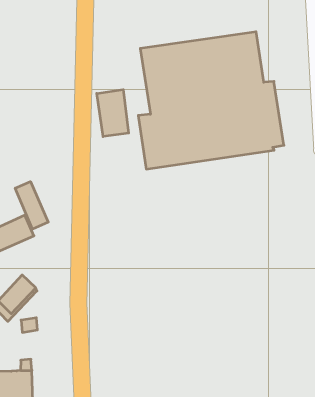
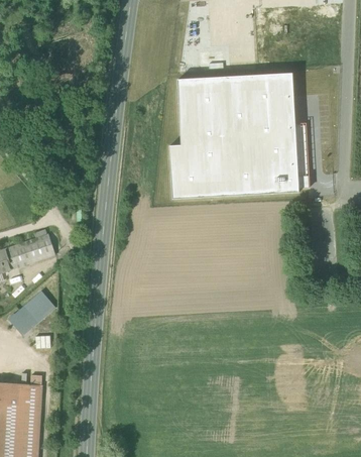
building: [97,90,129,137] -> none
building: [15,182,48,229] -> none

